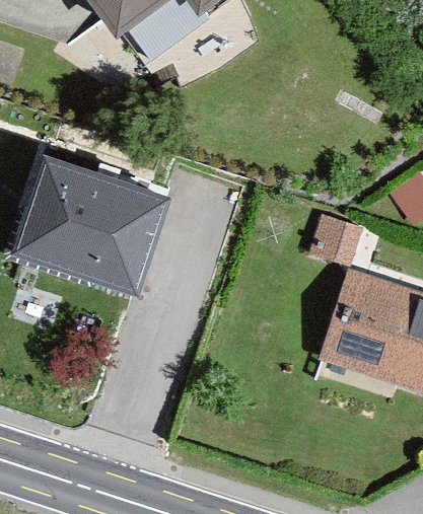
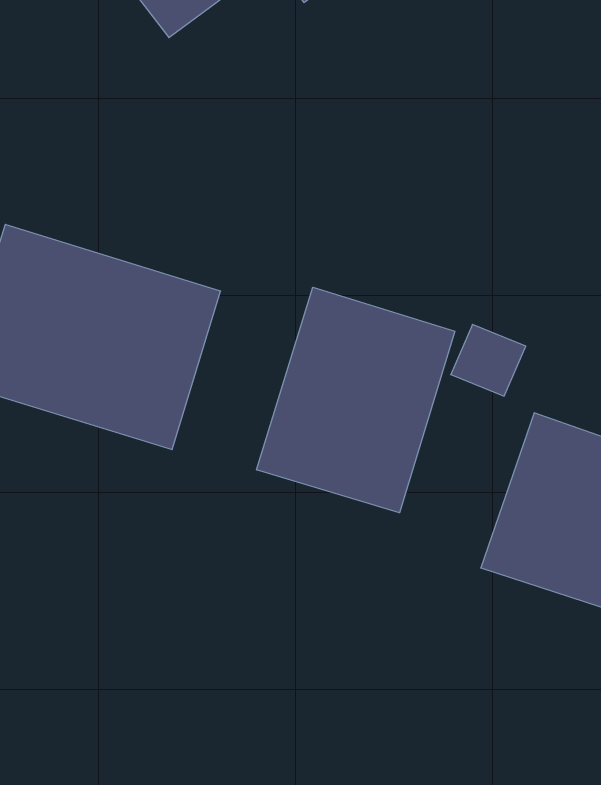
building: none -> [257,287,455,513]

